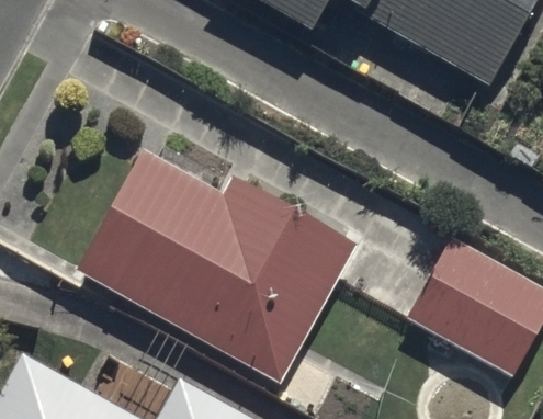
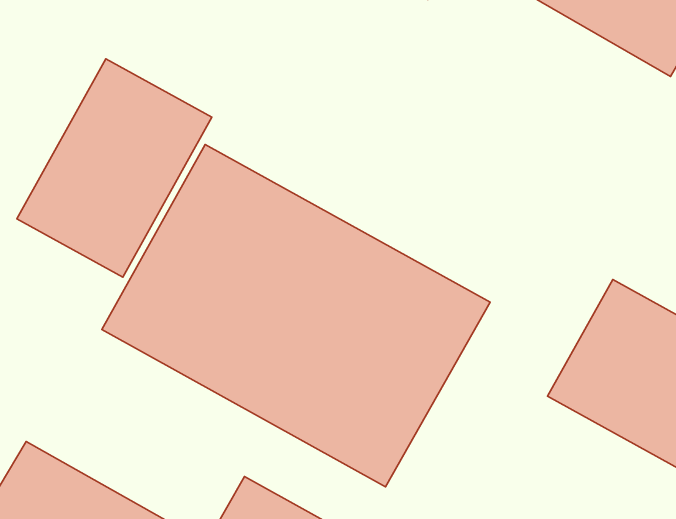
building: none -> [17,59,212,277]

